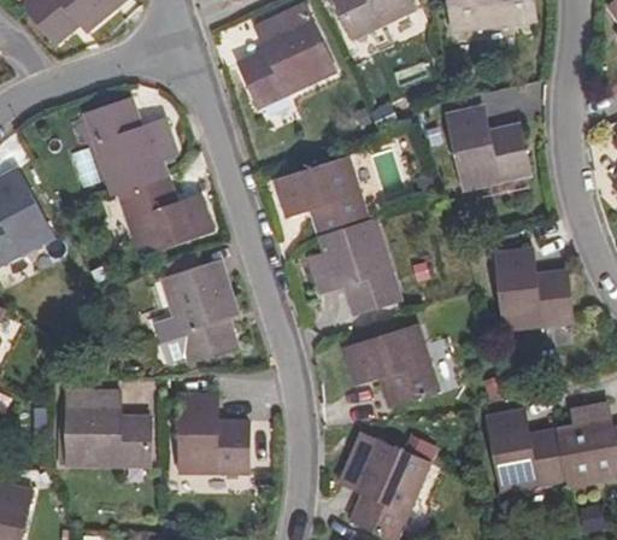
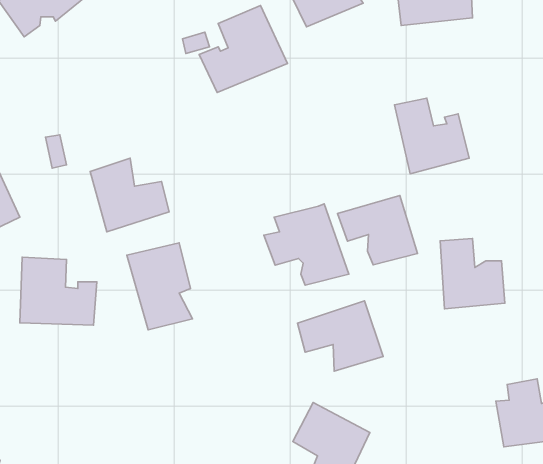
building: [88,95,177,192] -> none
building: [283,162,370,236] -> [337,196,418,265]
building: [64,388,147,462] -> [20,257,97,325]
building: [177,398,245,474] -> none
building: [487,416,570,493] -> none

